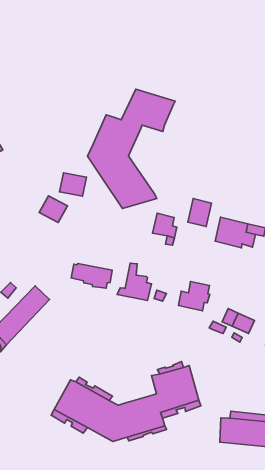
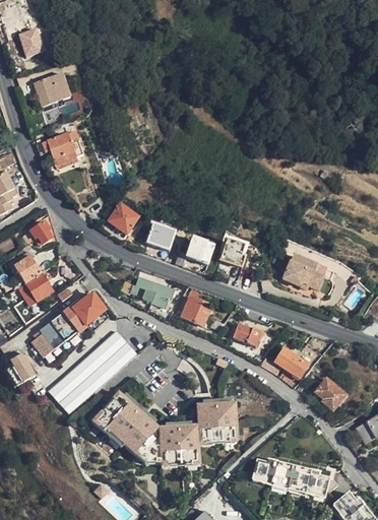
building: [88,89,175,209] -> none
building: [59,173,86,196] -> [146,224,176,251]
building: [188,199,212,227] -> none
building: none -> [186,239,214,265]
building: none -> [46,326,136,413]

